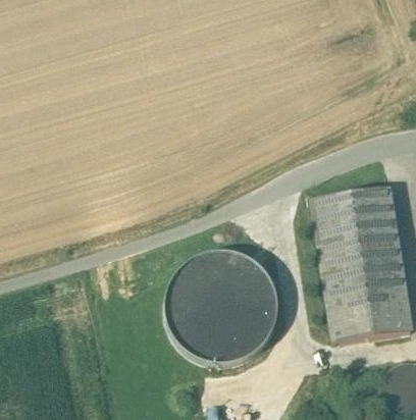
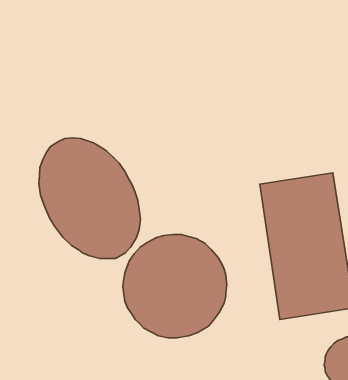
building: none -> [39,138,140,259]

